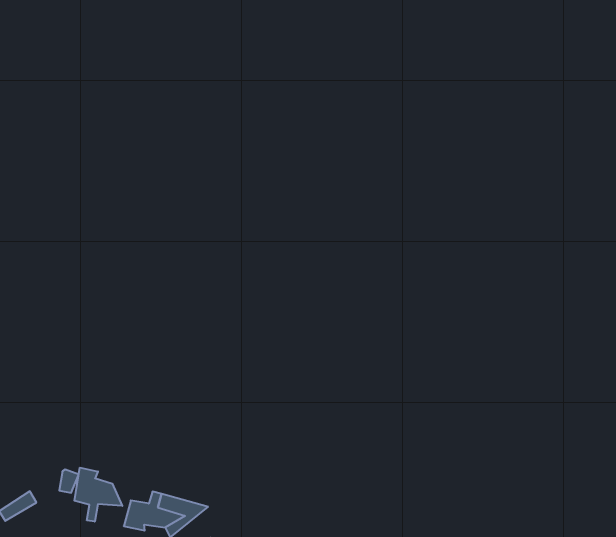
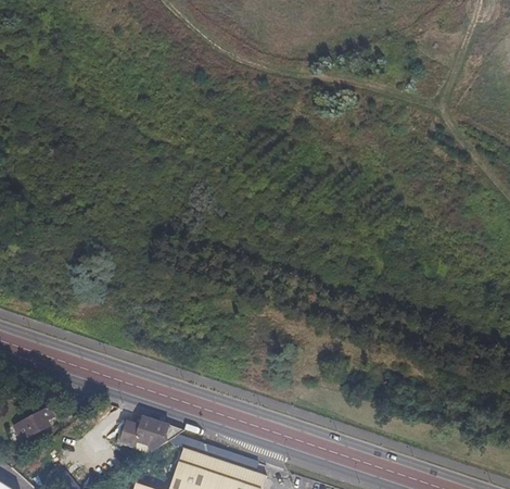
building: [74,468,122,522] -> none

